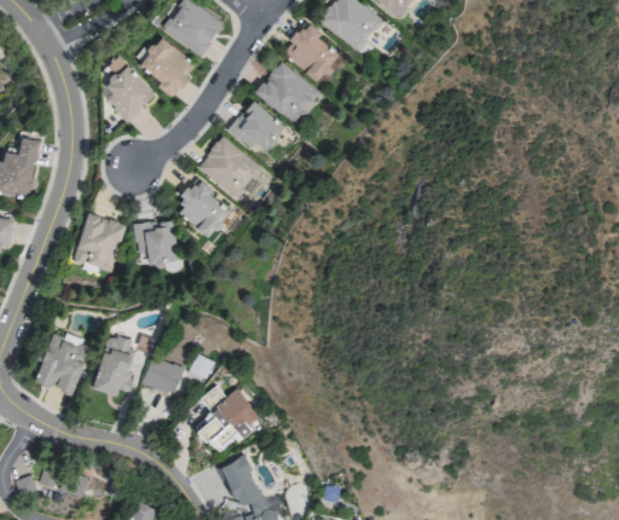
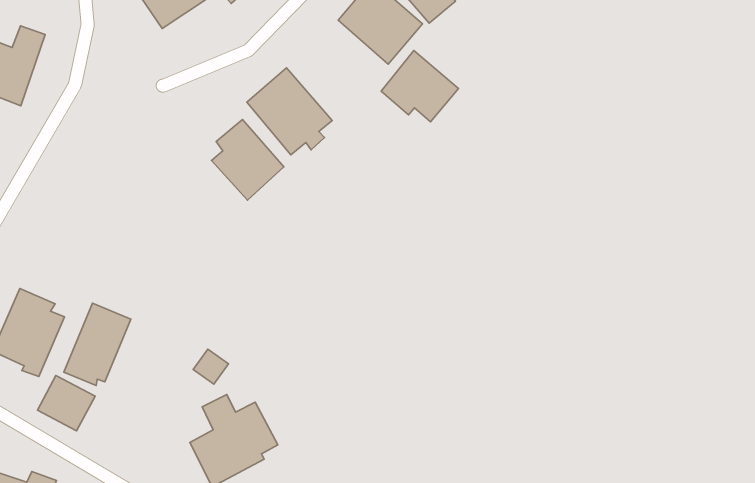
building: [228,100,285,151] -> [381,51,458,122]
building: [74,213,126,271] -> none
building: [134,220,178,273] -> none
building: [141,357,183,395] -> [37,375,95,431]

